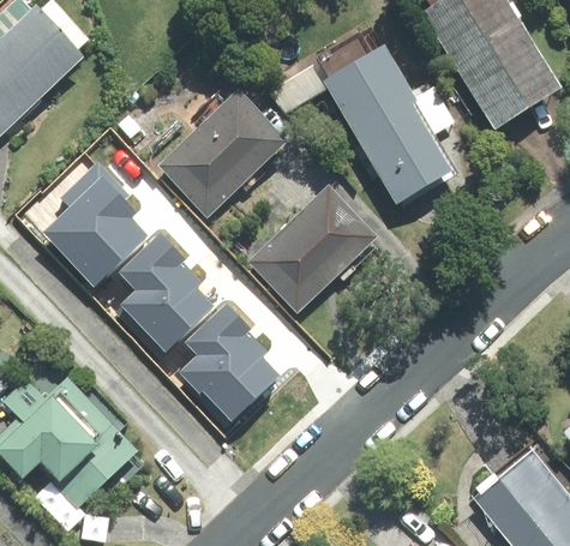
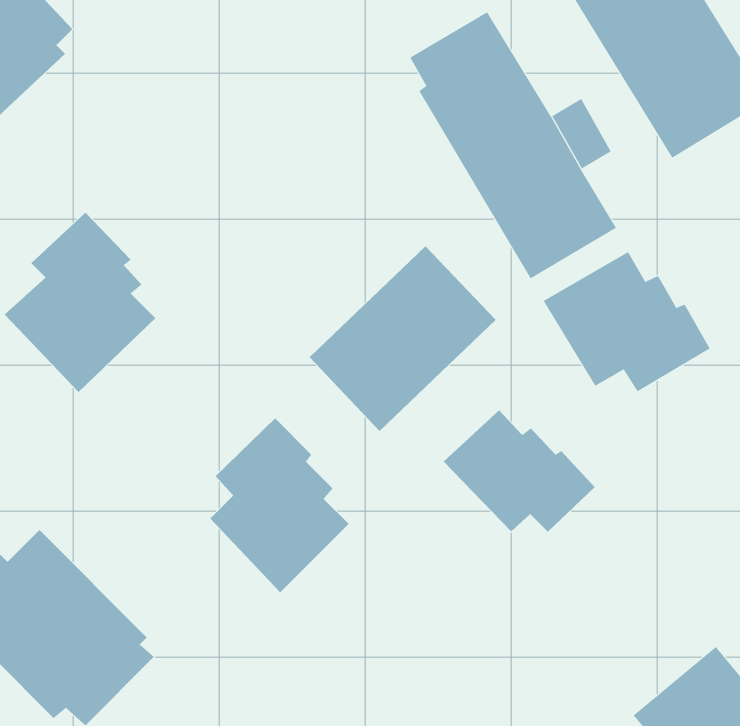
building: [160,90,287,215] -> none
building: none -> [543,251,710,392]
building: [120,234,214,352] -> none
building: none -> [443,410,596,533]

